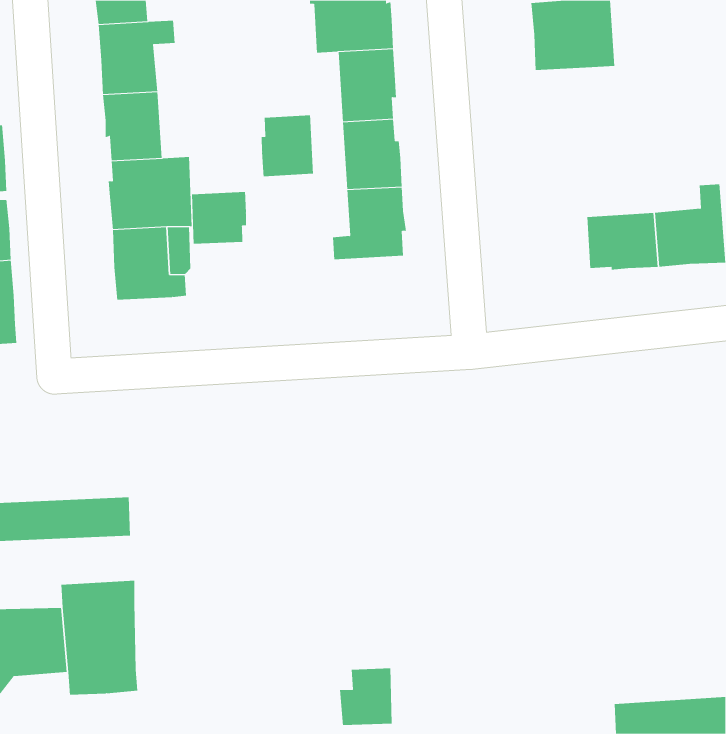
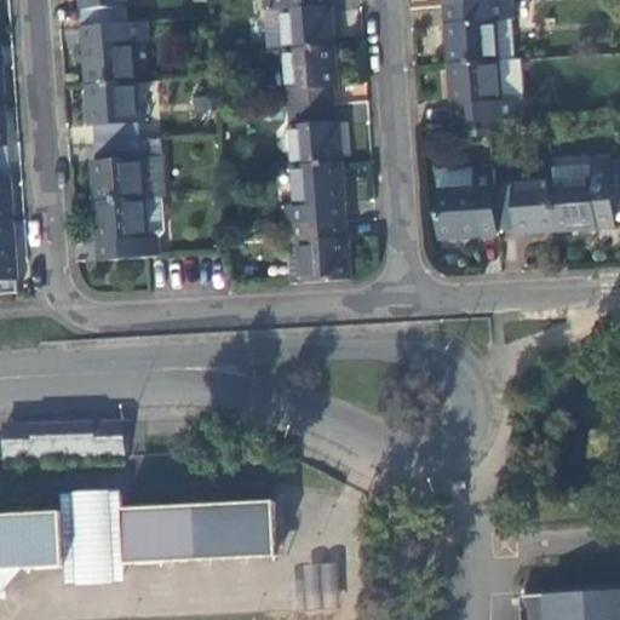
building: none -> [450,57,522,117]
building: [261,115,313,177] -> none
building: [192,191,247,245] -> none
building: none -> [436,165,496,232]
building: none -> [281,216,348,276]
building: none -> [114,500,266,564]

